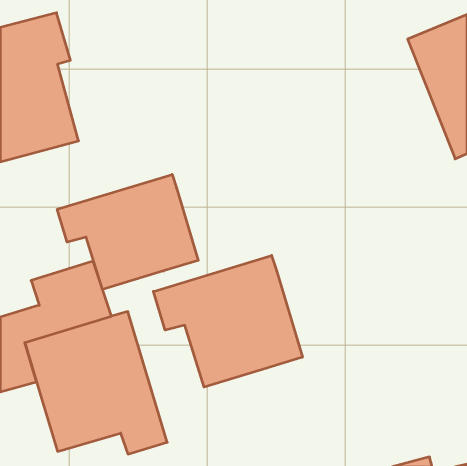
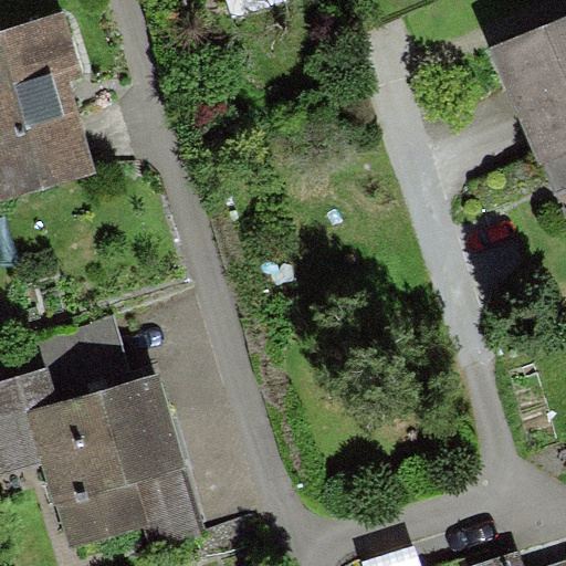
building: [57,174,198,289] -> none
building: [153,255,302,387] -> none

